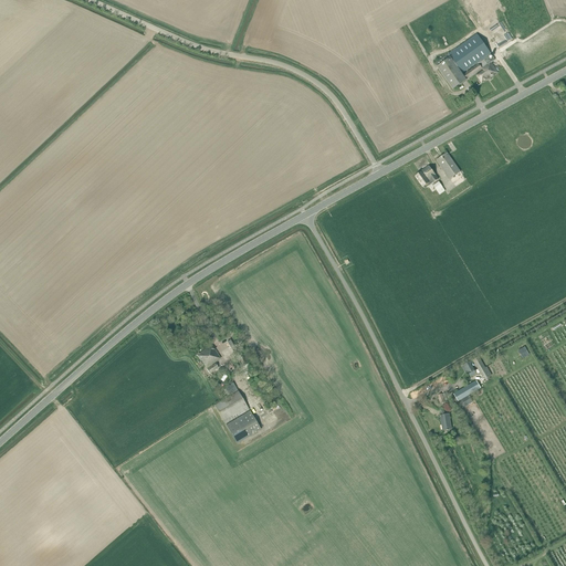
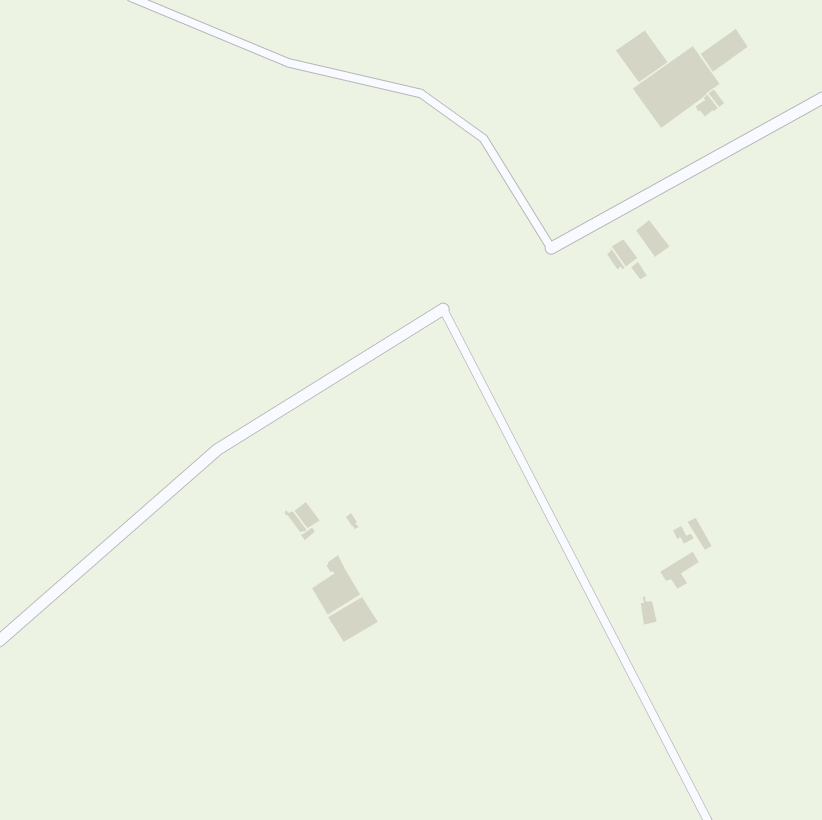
building: none -> [700,28,749,73]
building: none -> [615,30,669,83]

